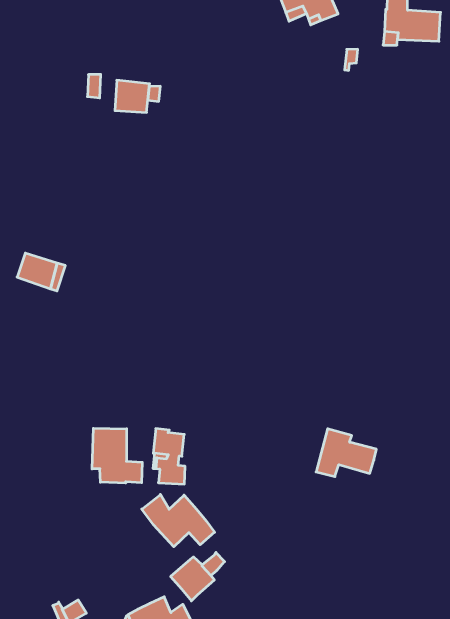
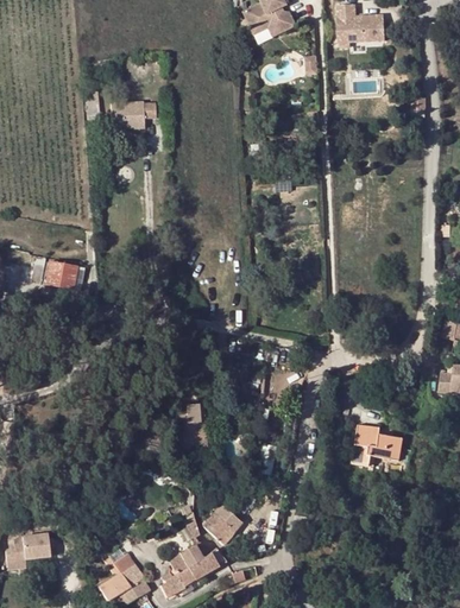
building: [92,428,142,483] -> none
building: [316,429,376,477] -> [352,425,402,466]
building: [142,494,215,547] -> none

